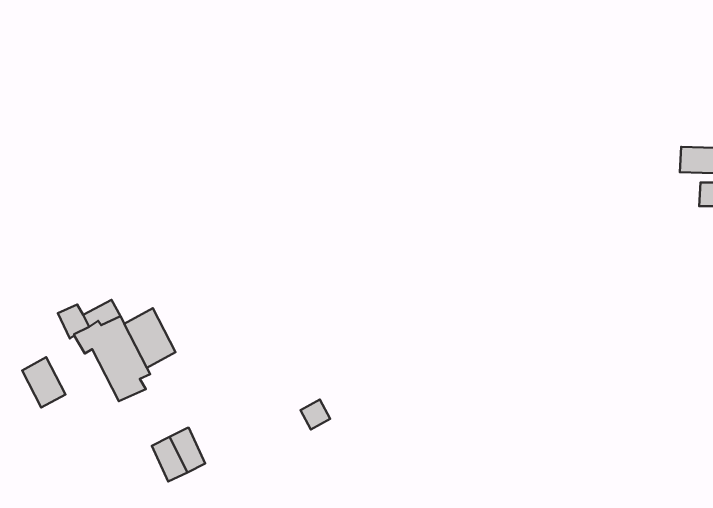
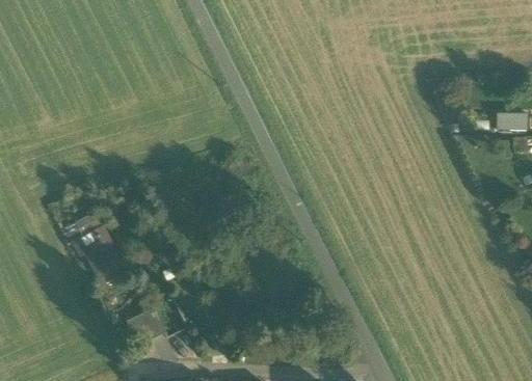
building: [124,308,176,368] -> none
building: [22,357,65,408] -> none

